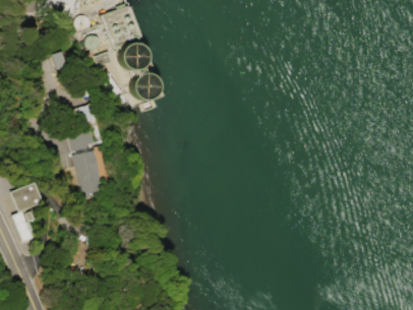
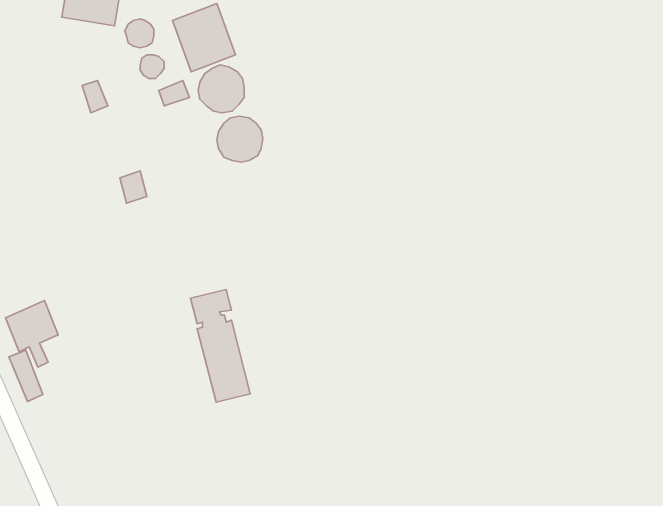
building: [69,131,105,198] -> [190,290,250,402]

